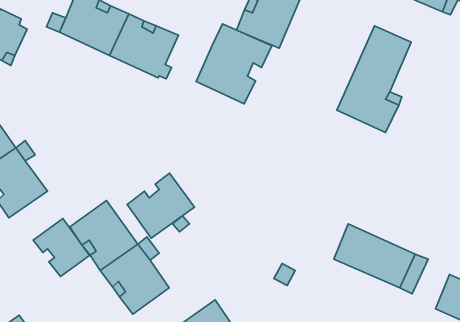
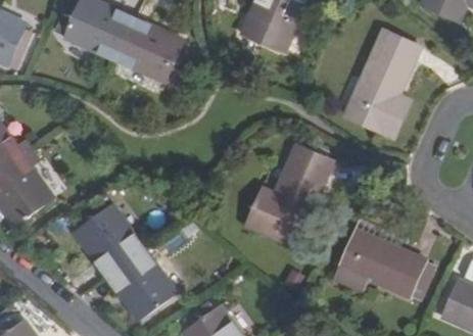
building: [196,24,272,104] -> none
building: none -> [245,144,332,244]
building: [127,173,195,238] -> none
building: [33,218,90,277] -> none

